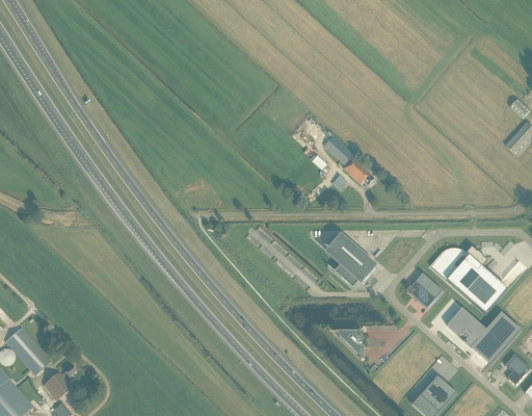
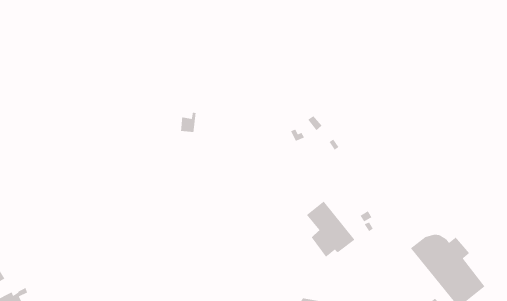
building: [323,130,373,183] -> none
building: [407,271,442,307] -> none

